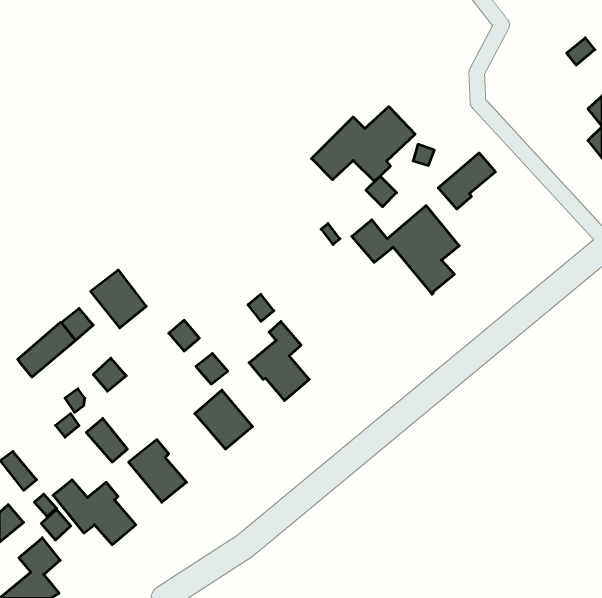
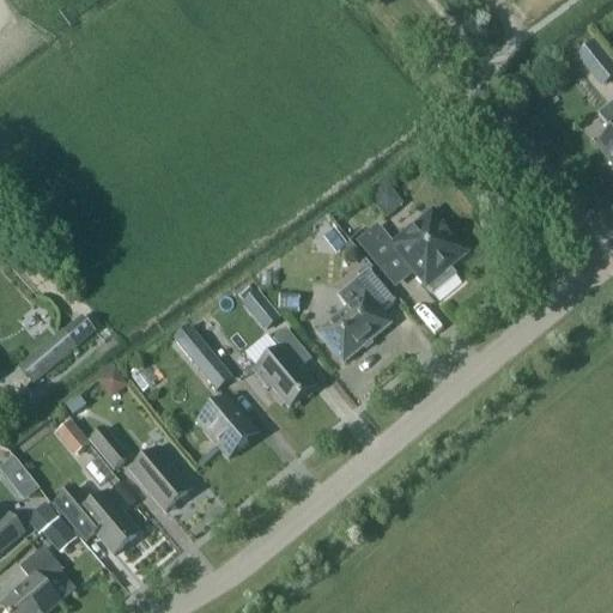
building: [311,107,415,182] -> none
building: [438,153,495,209] -> none
building: none -> [317,267,395,360]
building: [91,270,146,328] -> none

